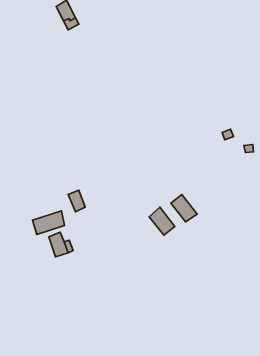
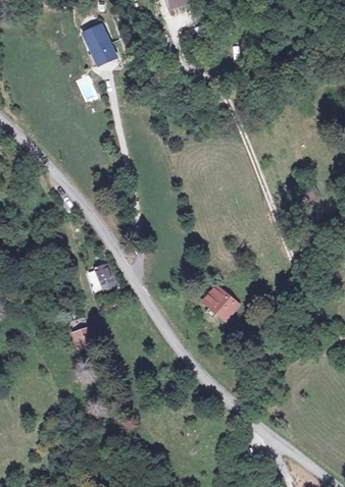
building: [171,195,197,222] -> none
building: [32,211,65,235] -> none

